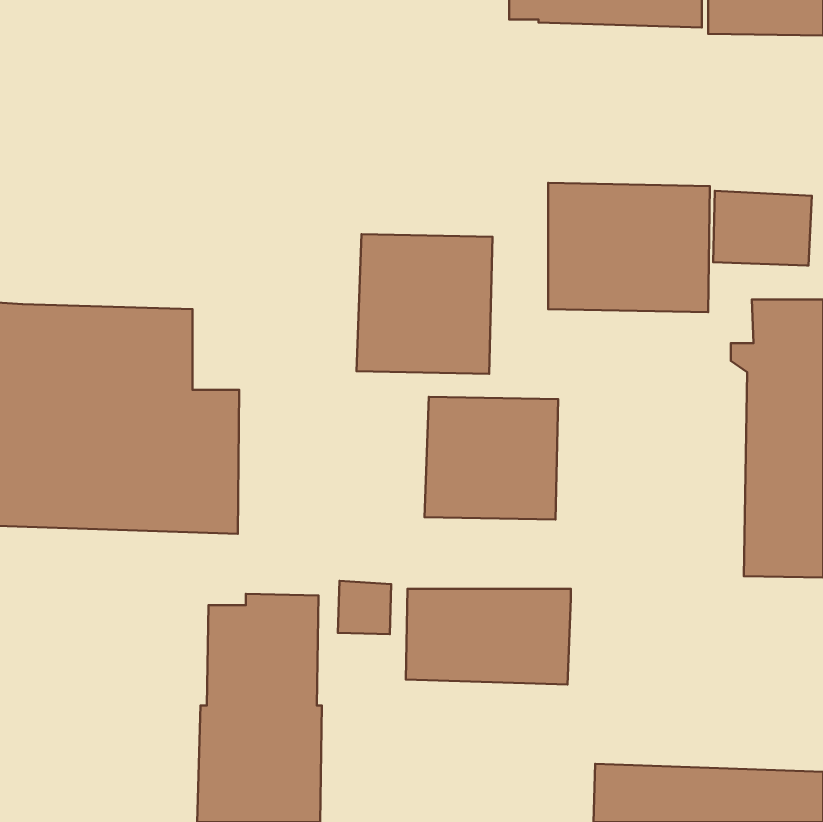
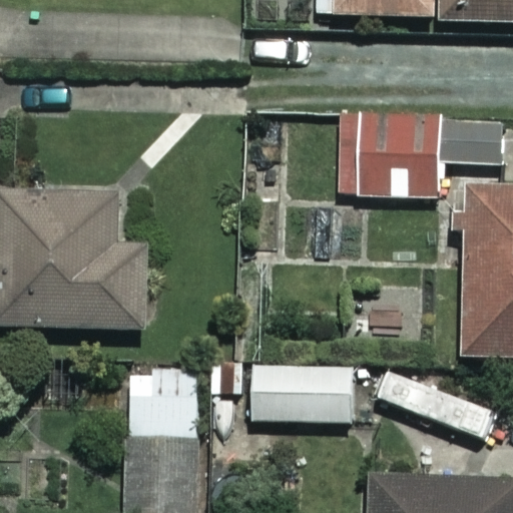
building: [357,234,492,374] -> none
building: [425,397,558,519] -> none

